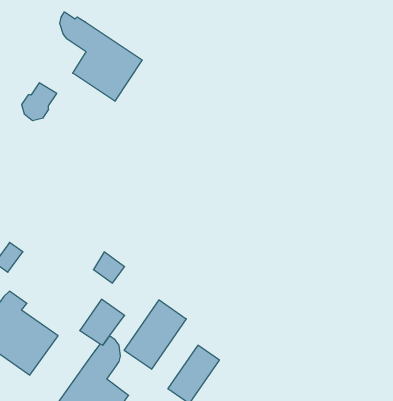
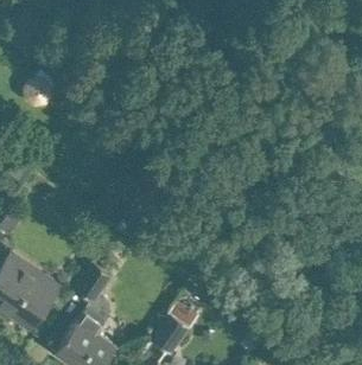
building: [60,12,142,101] -> none
building: [124,300,186,369] -> none

